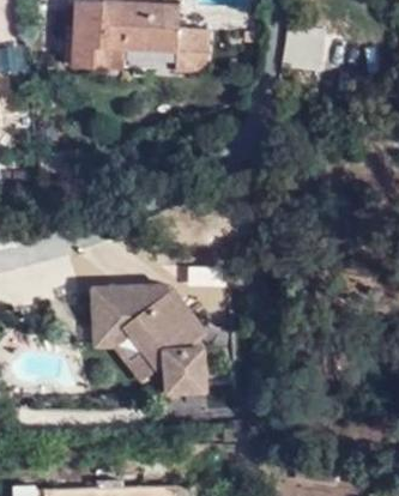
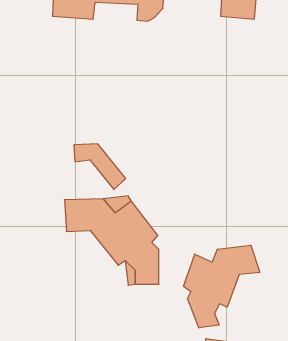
building: [93,326,156,381] -> [74,144,126,190]
building: none -> [184,245,260,328]

